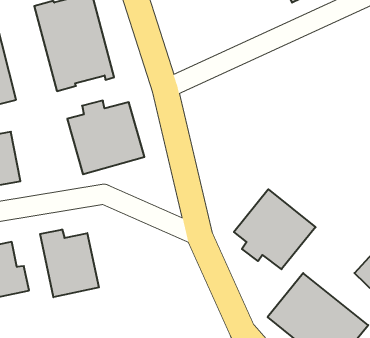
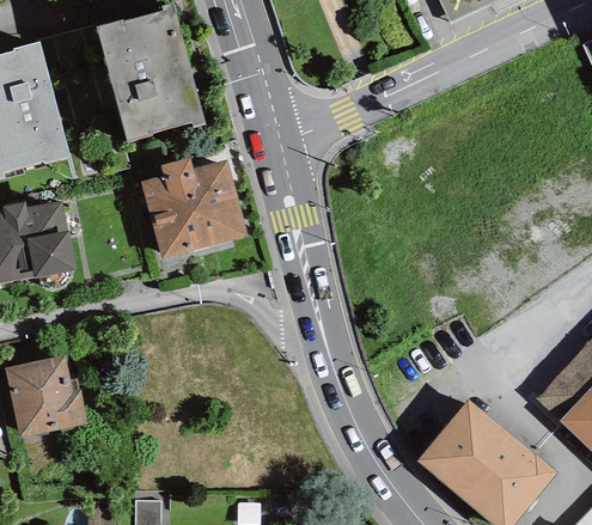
building: [234,189,316,269] -> none
building: [40,229,99,297] -> none

